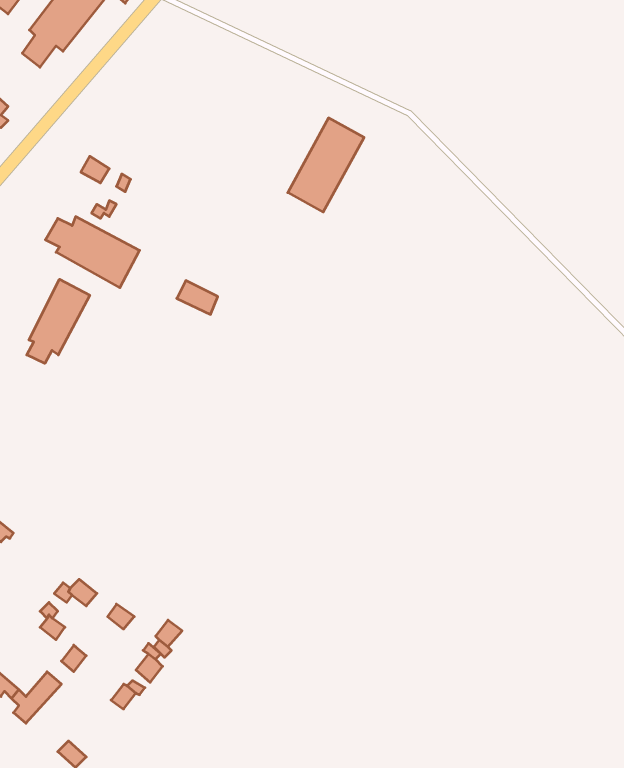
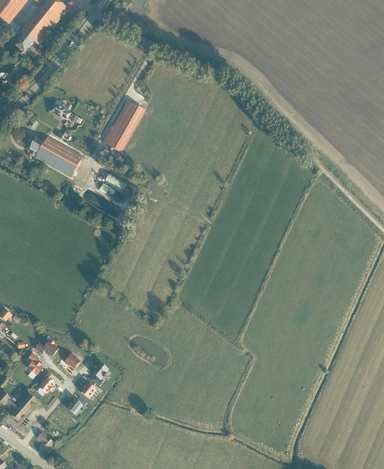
building: [288,118,364,212] -> [104,99,147,152]
building: [27,279,90,363] -> none

